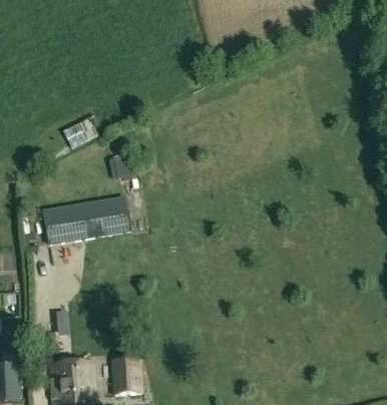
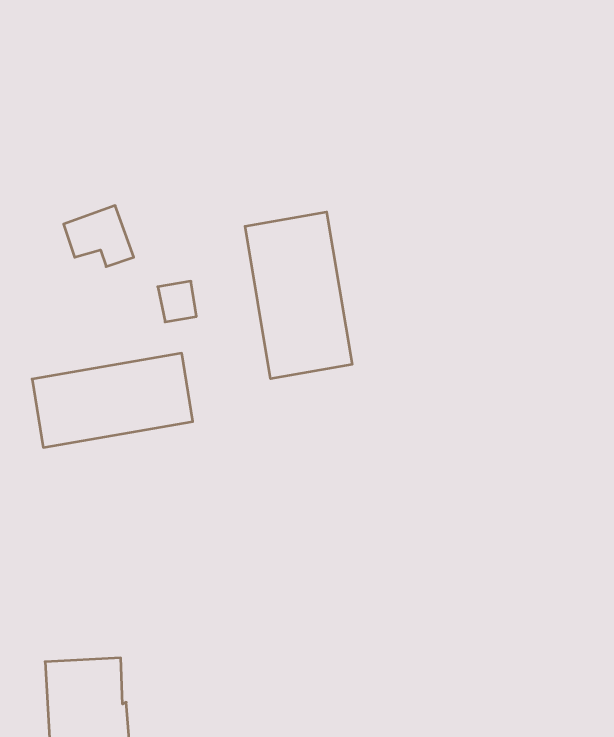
building: none -> [245,212,352,379]
building: [112,357,139,392] -> none

